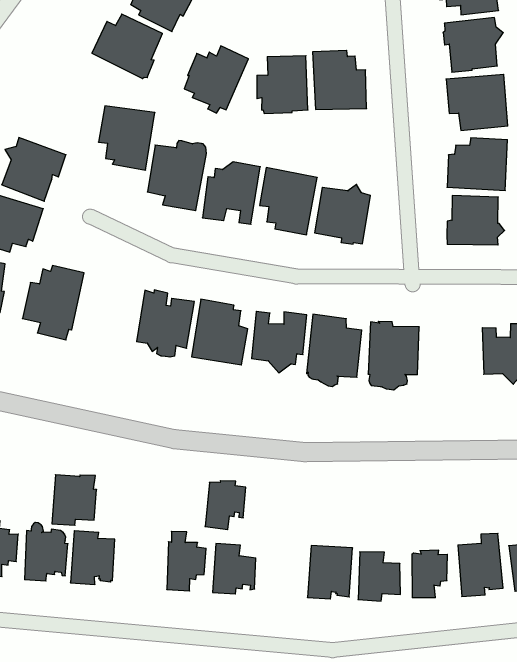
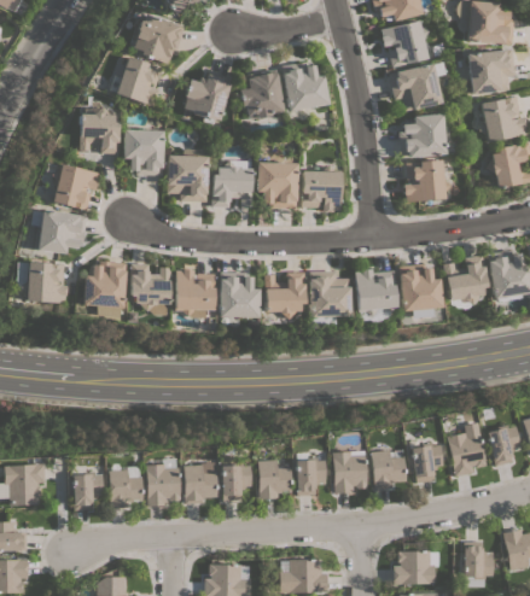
building: none -> [78,106,120,154]
building: none -> [129,264,170,315]
building: none -> [398,264,442,319]
building: [52,475,97,525] -> [182,462,217,504]
building: [205,481,246,530] -> [296,457,326,496]

